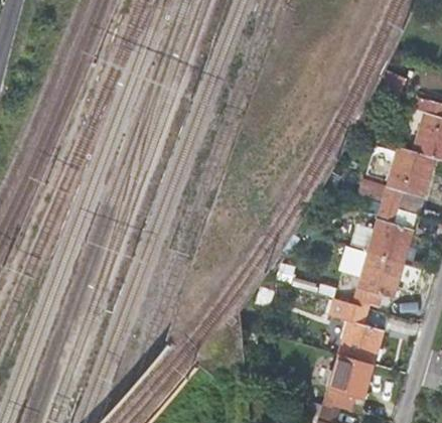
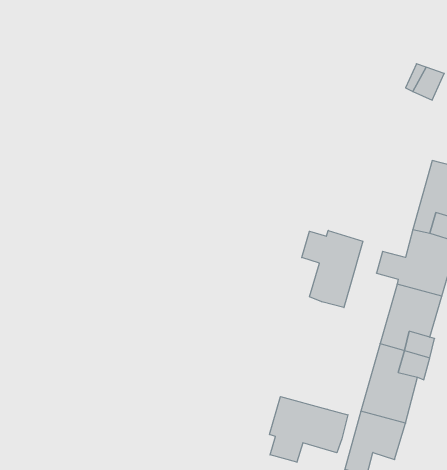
building: none -> [302,230,363,308]
building: none -> [270,397,348,462]

